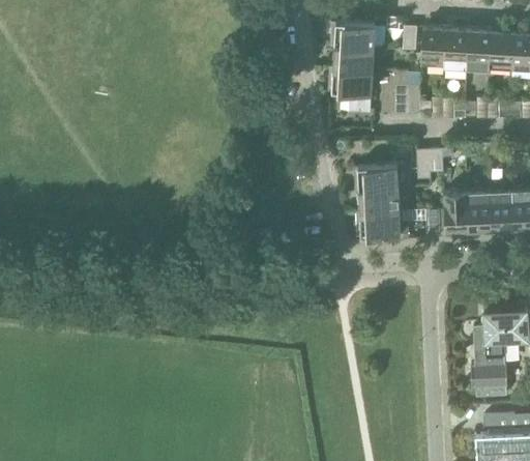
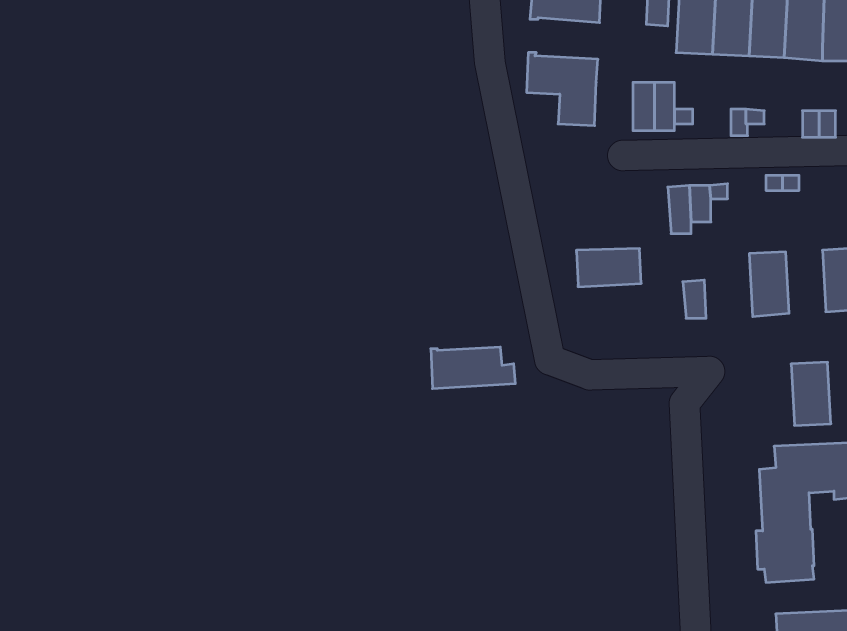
building: [334,45,375,70] -> none
building: [355,165,411,191] -> none
building: [491,190,516,229] -> [791,362,831,425]
building: [445,192,470,232] -> none
building: [357,210,410,236] -> [431,347,515,389]

